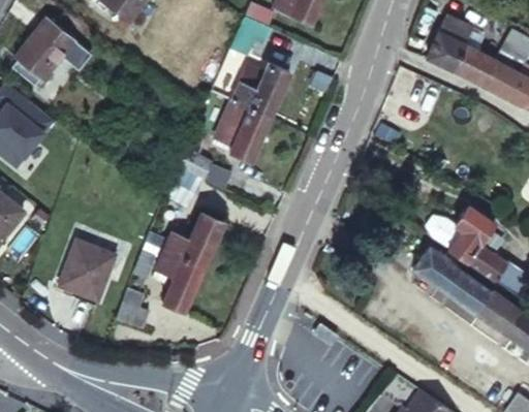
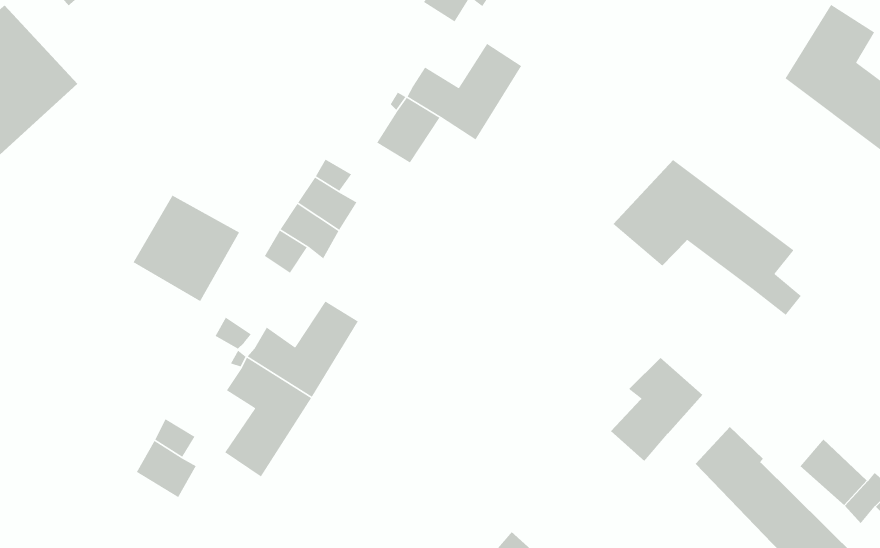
building: [229,107,271,161] -> none
building: none -> [613,159,802,316]
building: [448,207,495,263] -> [610,357,703,462]
building: [60,243,115,297] -> [133,195,240,302]

